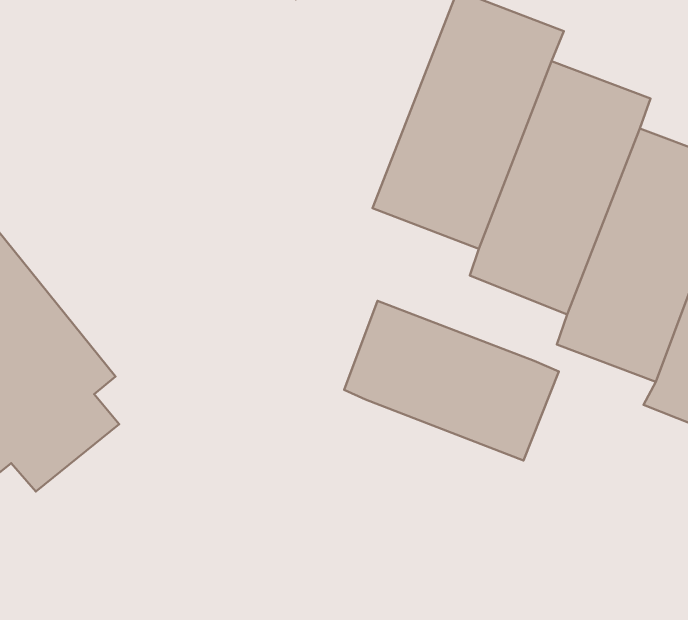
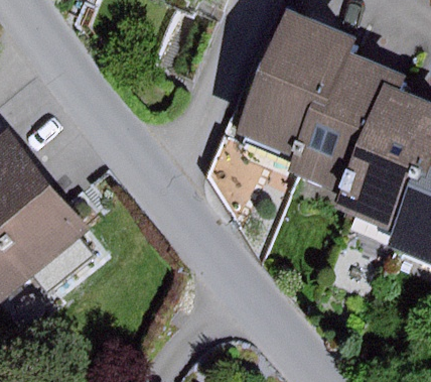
building: [344,301,559,461] -> none

